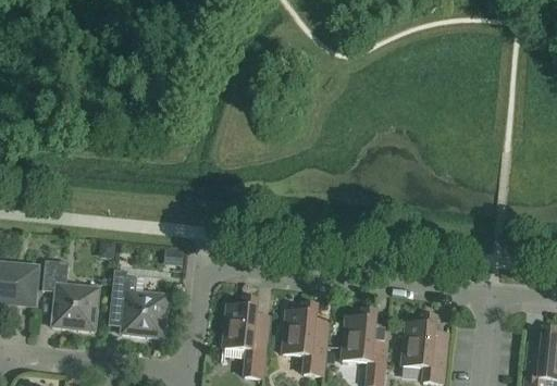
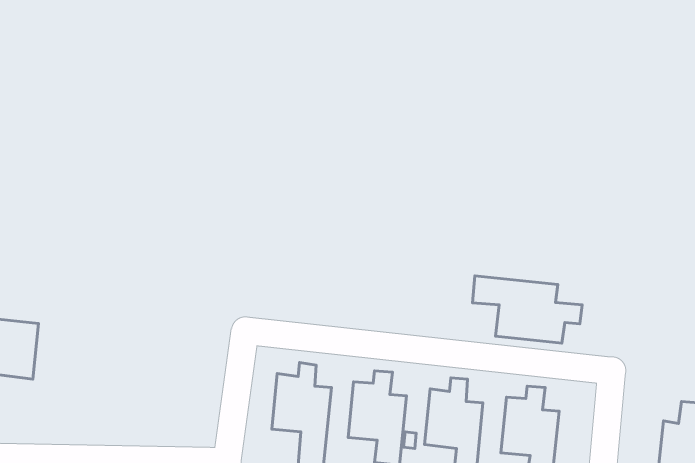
building: none -> [472,276,582,343]
building: [41,260,99,331] -> none
building: [110,270,168,337] -> none

